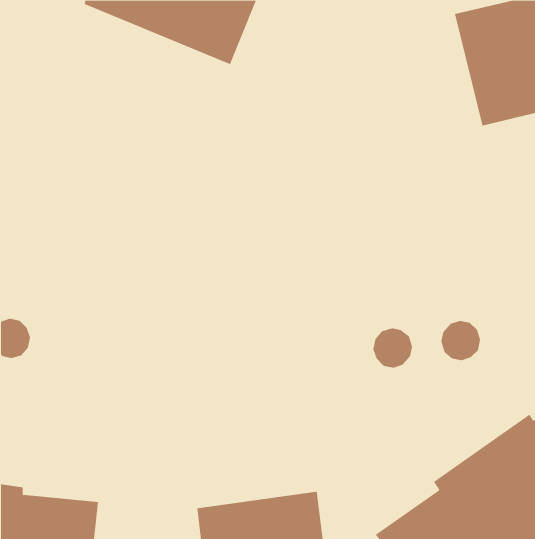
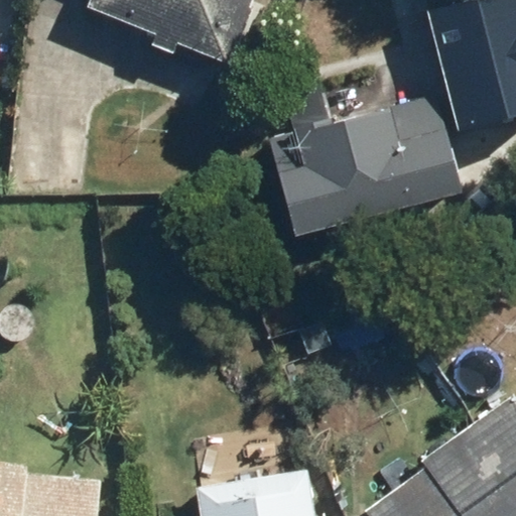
building: none -> [269,98,457,232]

